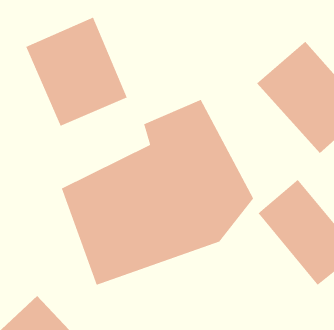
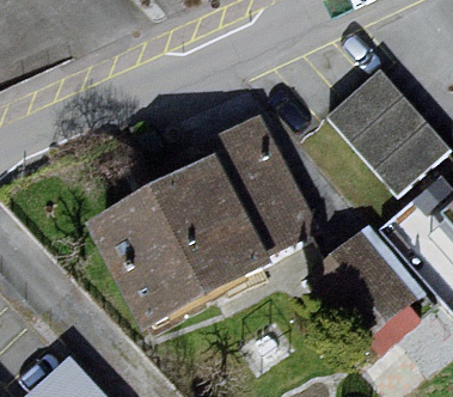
building: [25,17,128,127] -> none

